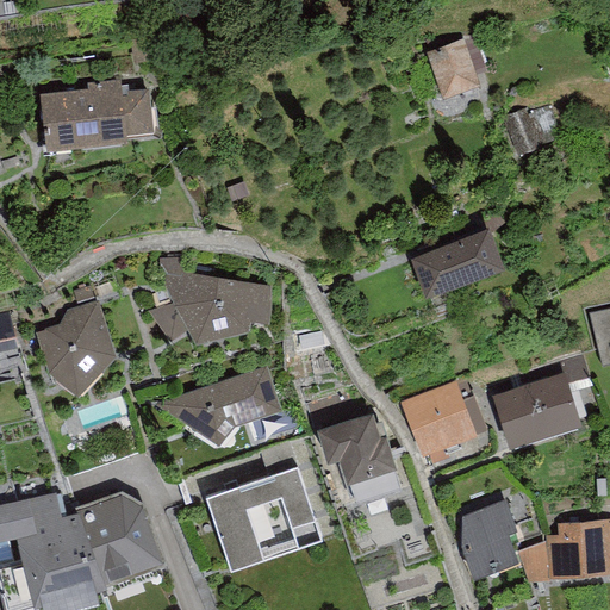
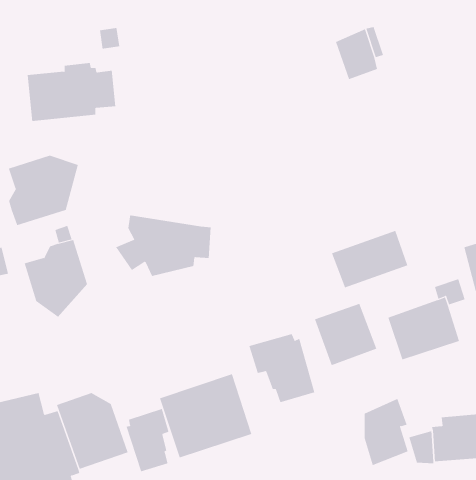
building: [499,104,562,156] -> none
building: none -> [8,155,78,226]
building: [409,229,505,301] -> [331,230,408,288]
building: [156,365,280,447] -> none
building: none -> [126,408,169,472]

